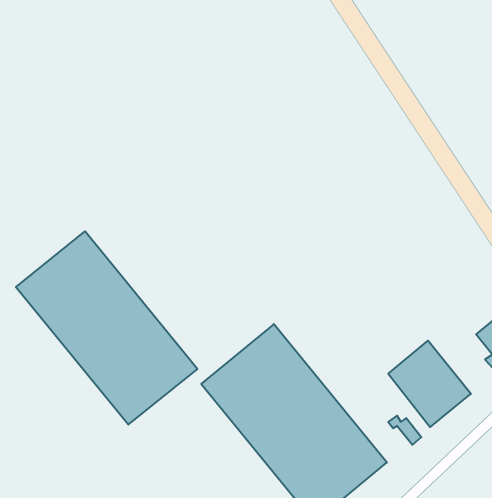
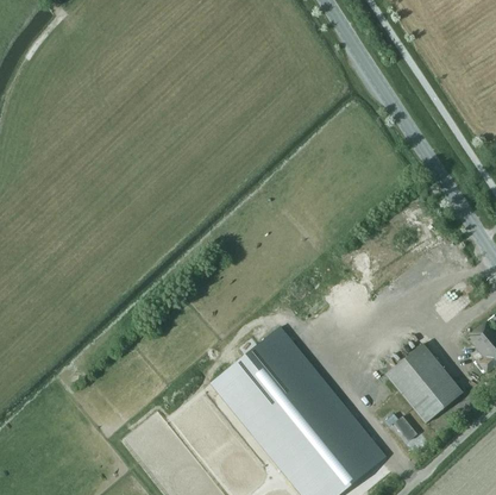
building: [16,231,197,425] -> none

